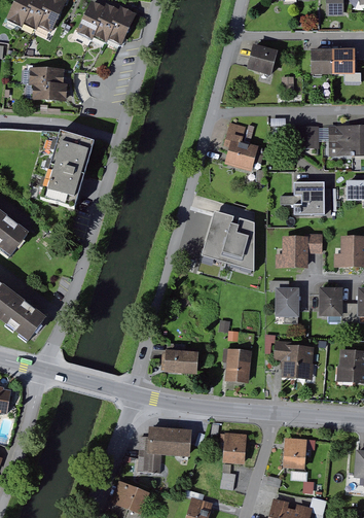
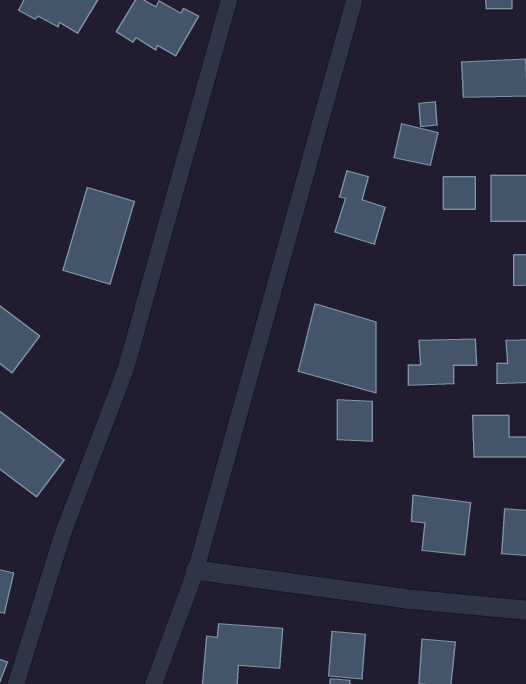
building: [248,43,278,71] -> [394,124,438,165]
building: [35,69,71,96] -> none
building: [294,180,325,212] -> none
building: [276,286,299,314] -> [337,400,372,441]
building: [161,348,196,372] -> none
building: [225,348,251,380] -> none

